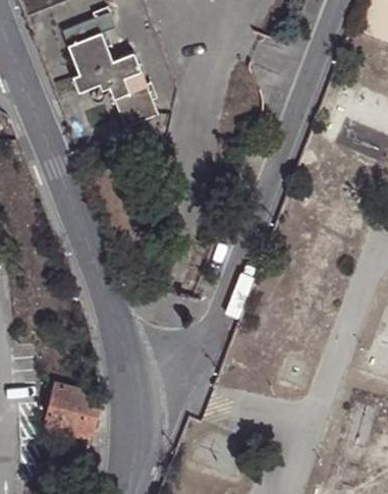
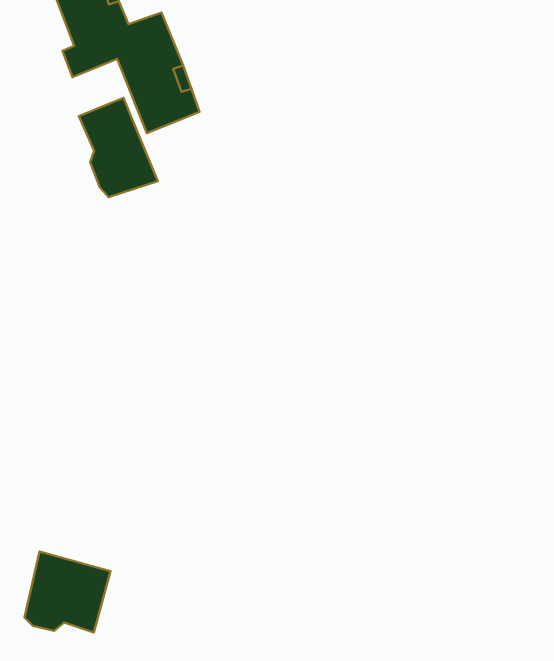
building: none -> [79,98,158,197]

